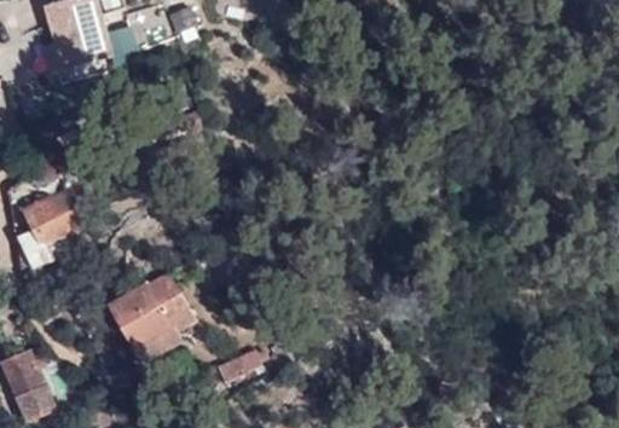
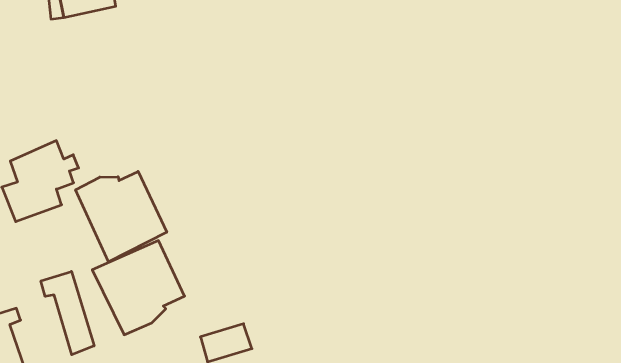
building: none -> [76,171,167,262]
building: none -> [41,271,94,355]

